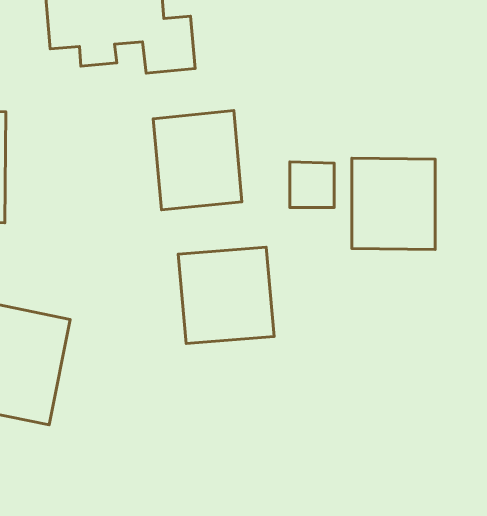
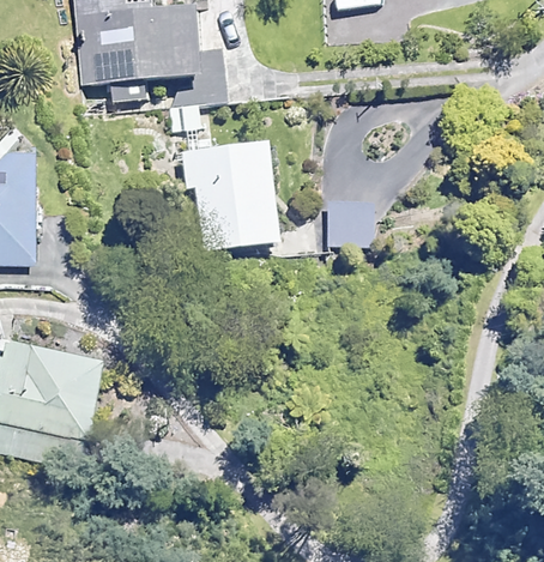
building: [352,158,435,250] -> none
building: [178,247,274,344] -> none

